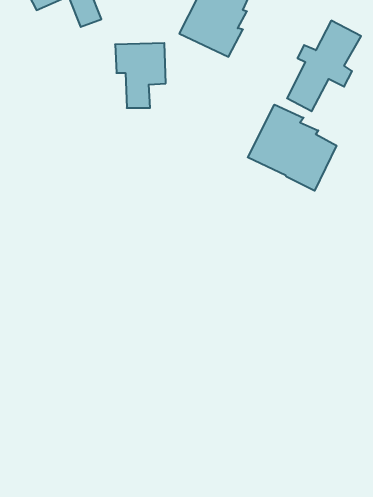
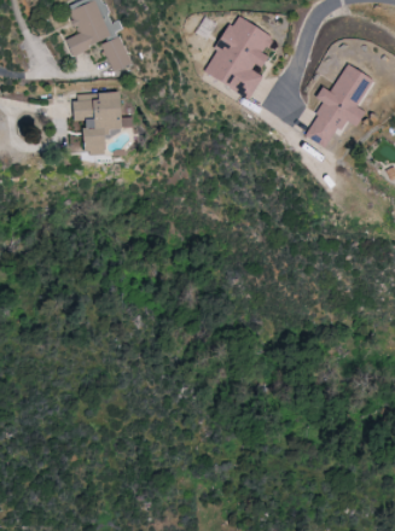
building: [115,43,166,108] -> [71,94,118,154]
building: [248,105,336,191] -> none

